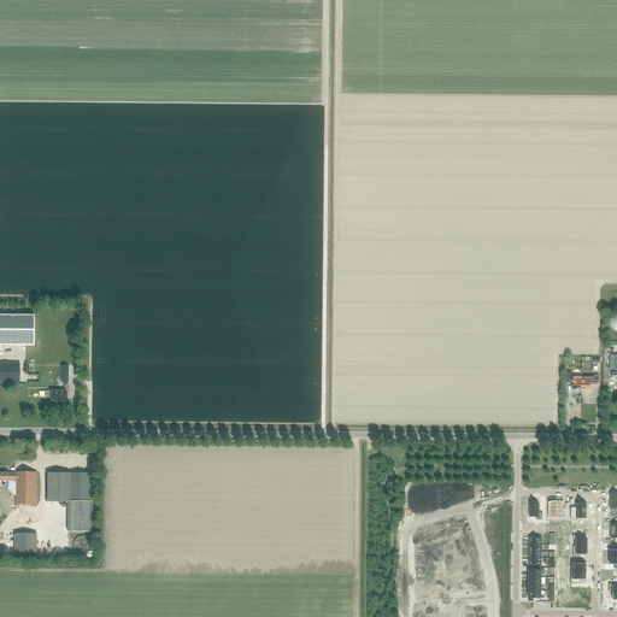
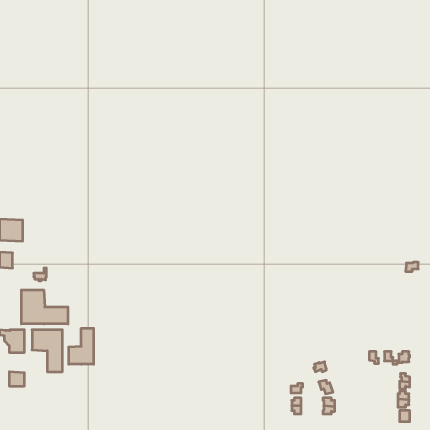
building: none -> [21,290,68,324]
building: none -> [69,328,94,364]

